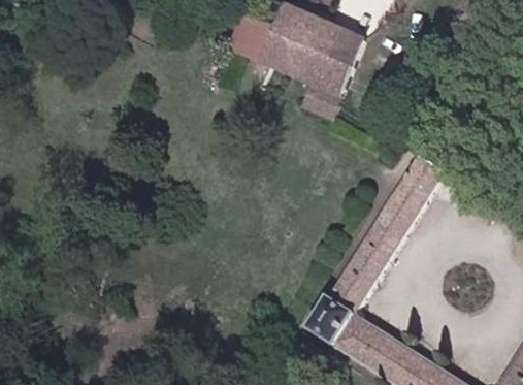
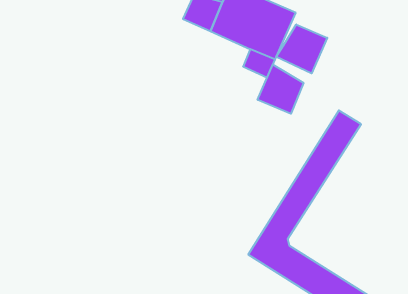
building: none -> [276,24,327,73]
building: none -> [258,65,303,114]

